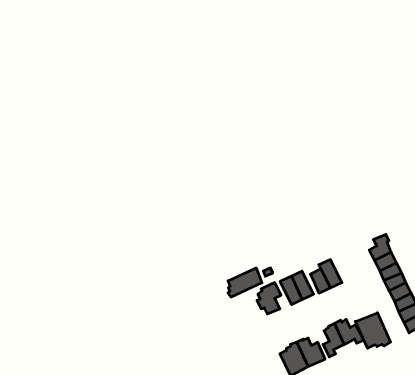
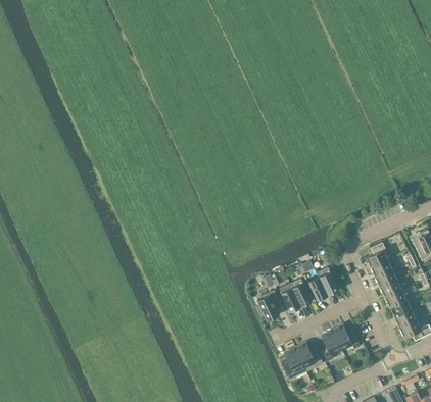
building: [228,268,262,297] -> none
building: [355,313,391,348] -> none

